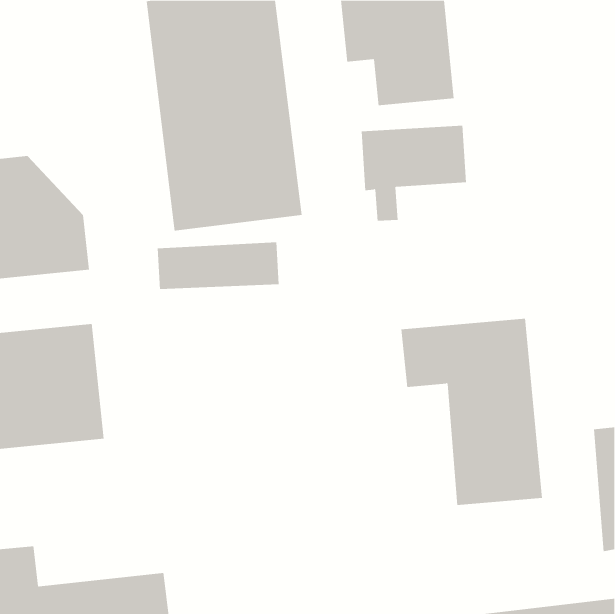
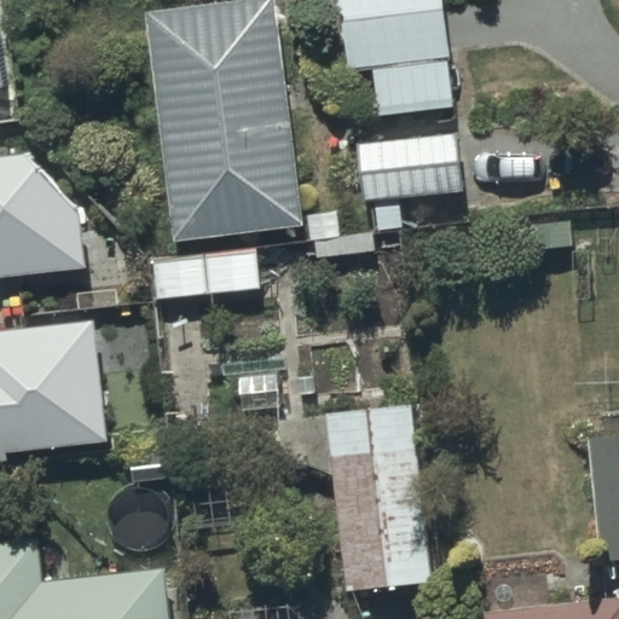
building: [401,318,543,505] -> [289,400,430,586]

